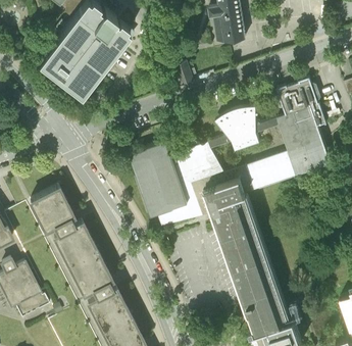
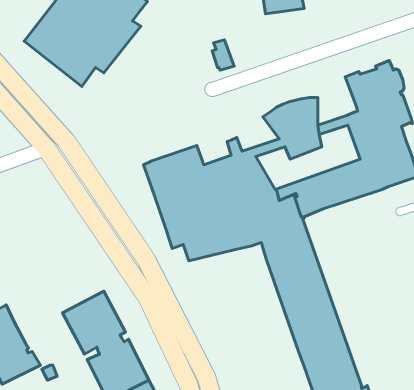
building: [28,184,97,265] -> none

